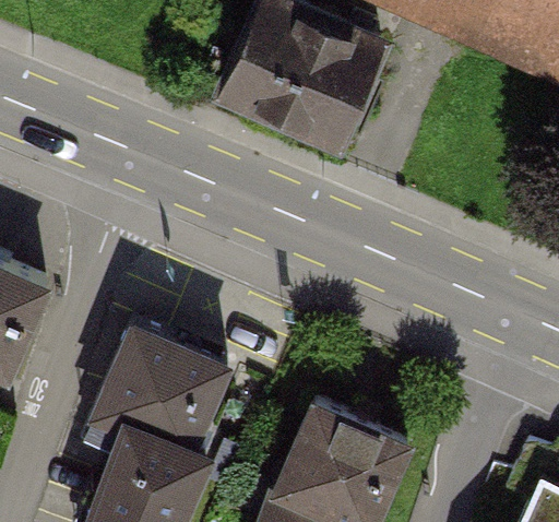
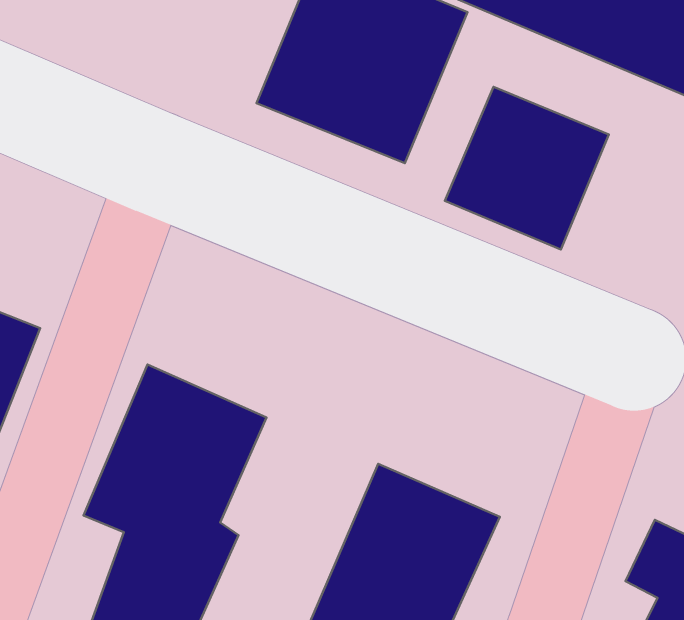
building: none -> [445,87,609,249]

